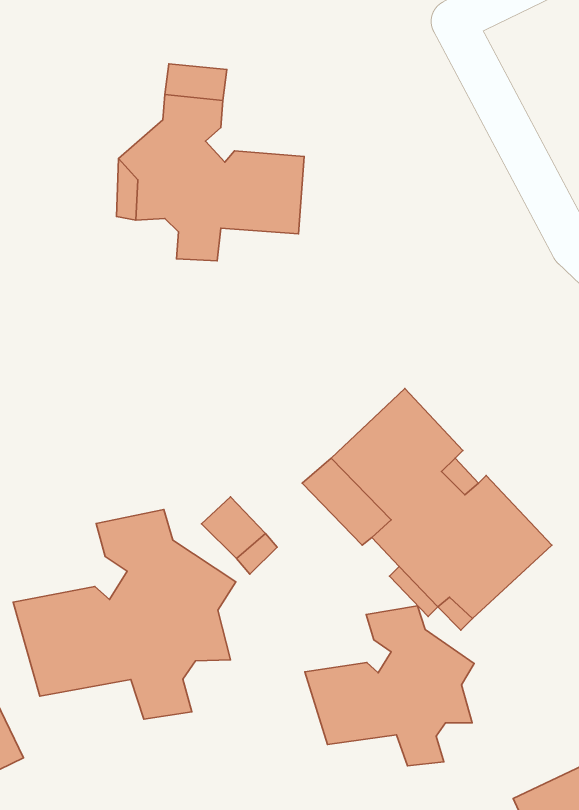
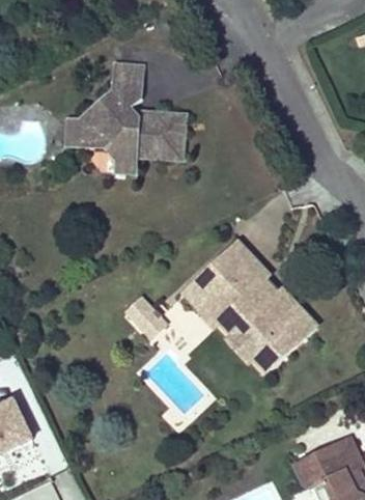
building: [13,509,236,719] -> none
building: [305,606,474,766] -> none

